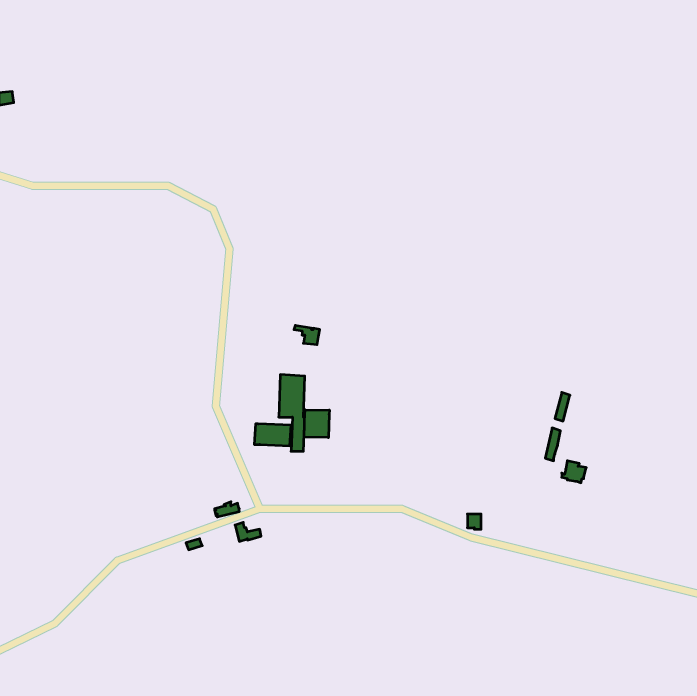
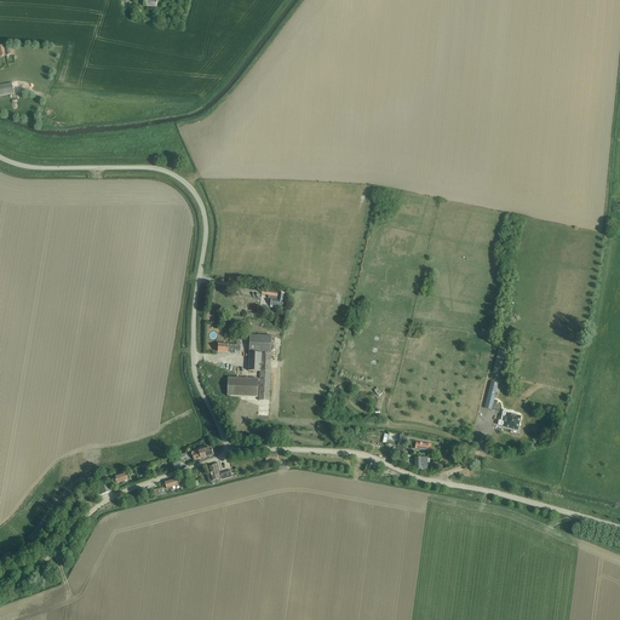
building: [304,410,329,438] -> none

